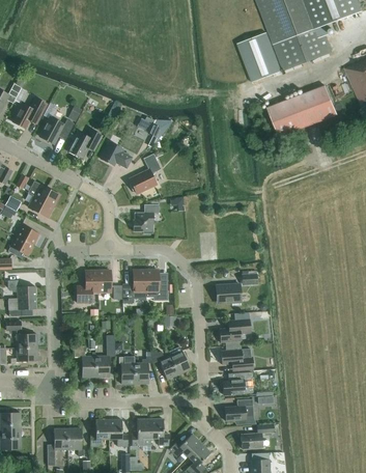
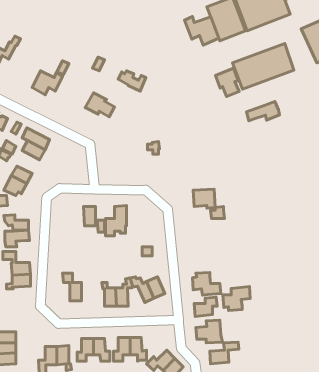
building: none -> [185,17,219,45]
building: [12,96,47,128] -> none
building: none -> [215,68,239,96]
building: [68,129,102,158] -> none
building: none -> [246,101,279,121]
building: [130,154,160,193] -> none
building: [134,203,159,232] -> none
building: [145,269,168,300] -> none
building: [77,270,98,302] -> none
building: [216,283,241,305] -> [193,189,215,208]
building: [219,318,250,345] -> [223,287,250,310]
building: [95,334,115,377] -> none

